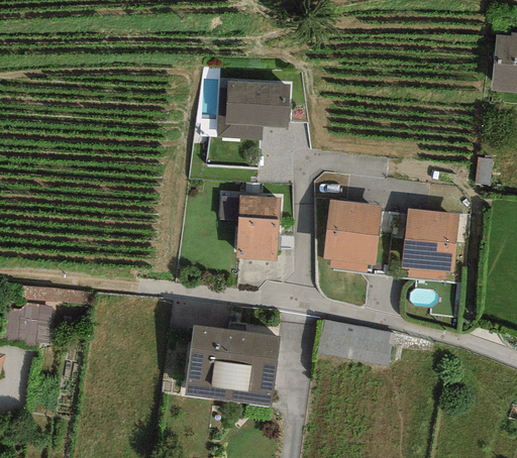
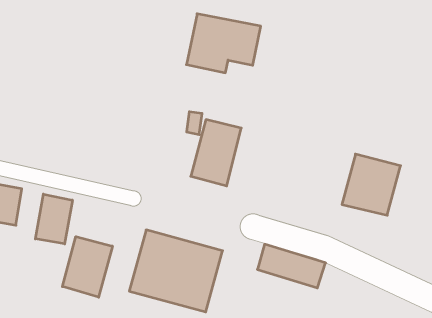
building: [326,201,380,261] -> none
building: none -> [35,194,72,244]
building: none -> [62,237,112,297]

